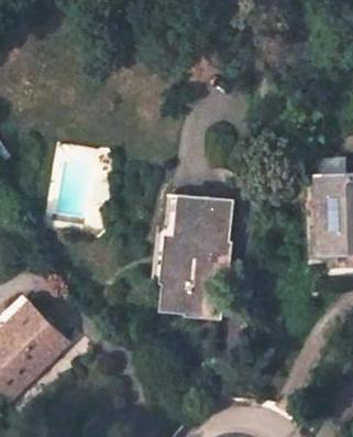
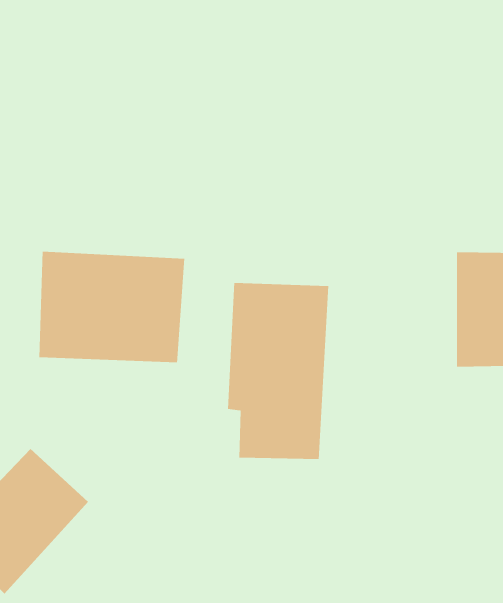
building: none -> [39,251,185,363]

